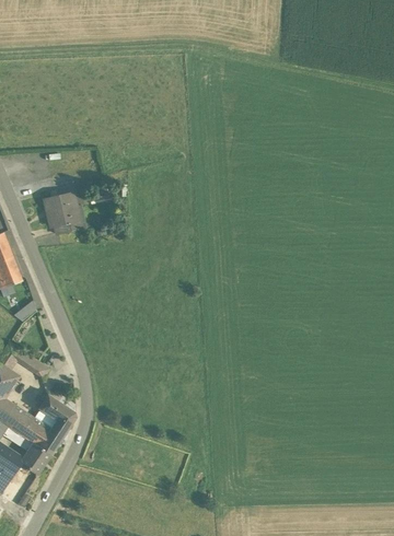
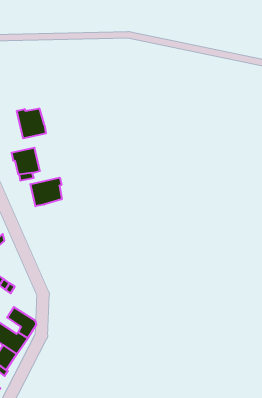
building: none -> [17,108,46,138]
building: none -> [30,178,62,206]

